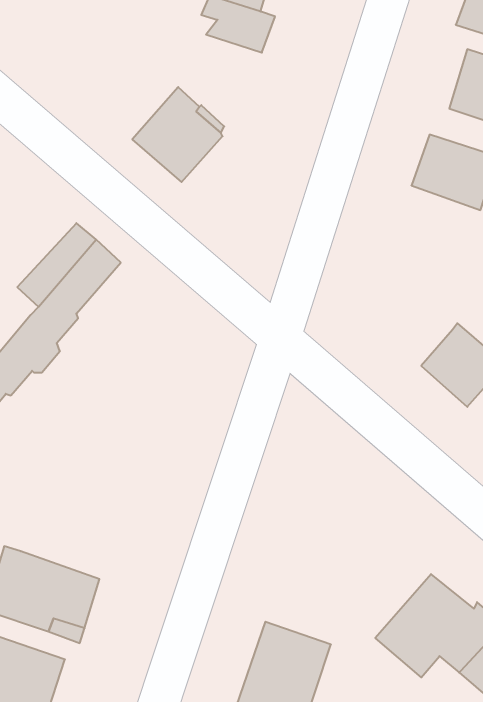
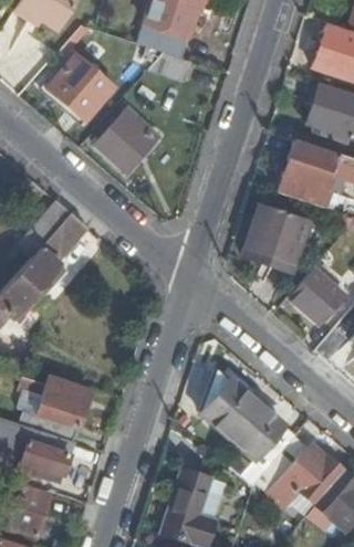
building: none -> [48,55,114,122]
building: none -> [244,203,310,264]
building: none -> [198,367,298,488]
building: none -> [19,376,84,441]

